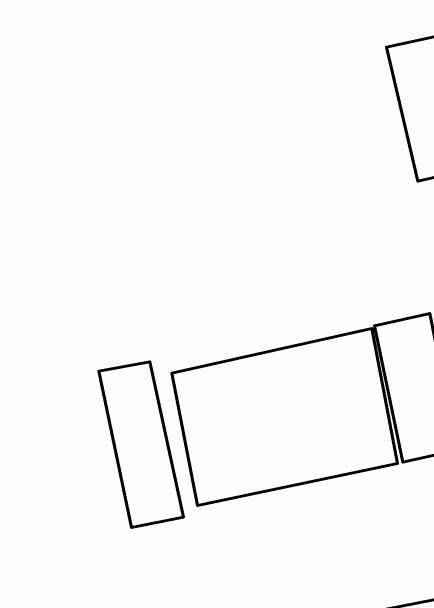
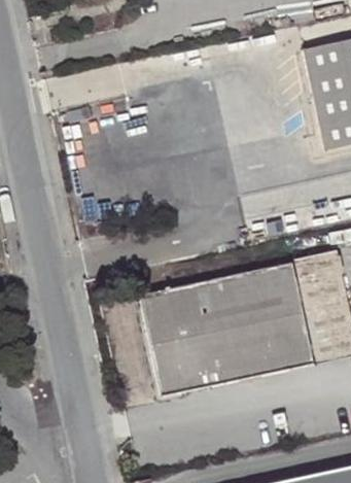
building: [99,362,184,527] -> none

